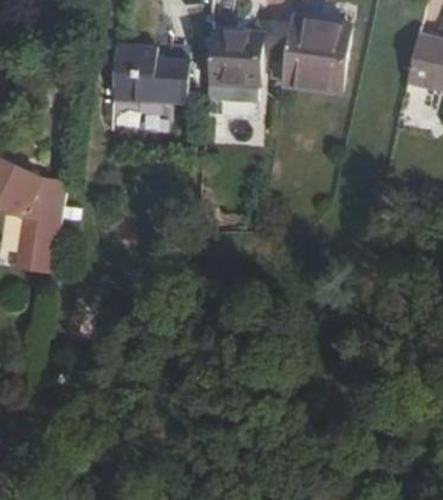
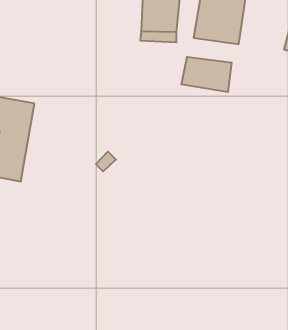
building: [111,50,186,104] -> none
building: none -> [182,57,232,92]

